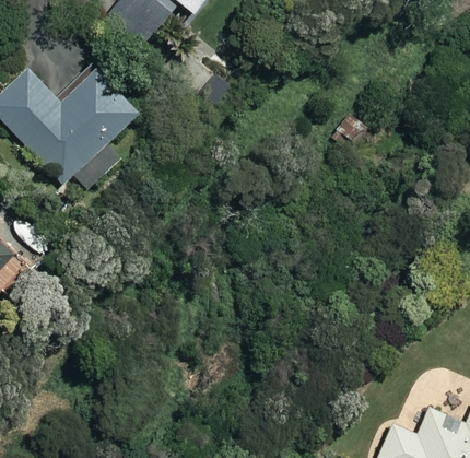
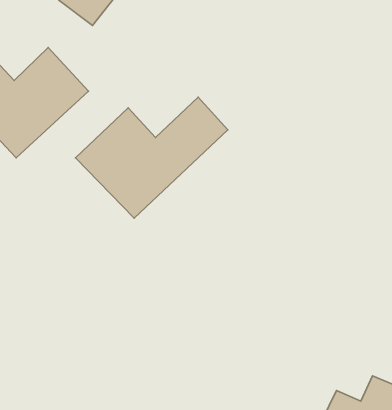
building: none -> [76,97,228,218]

